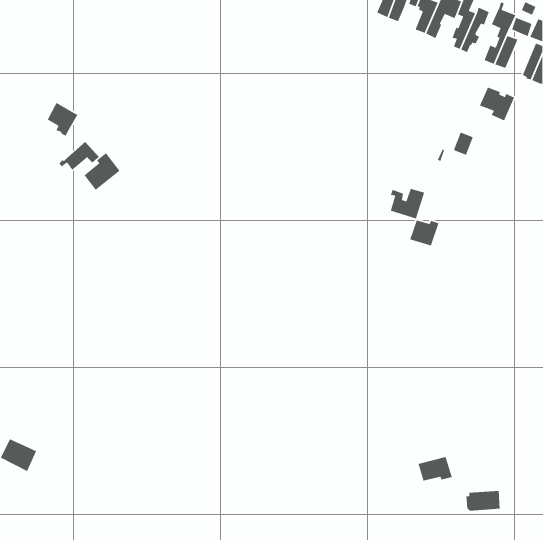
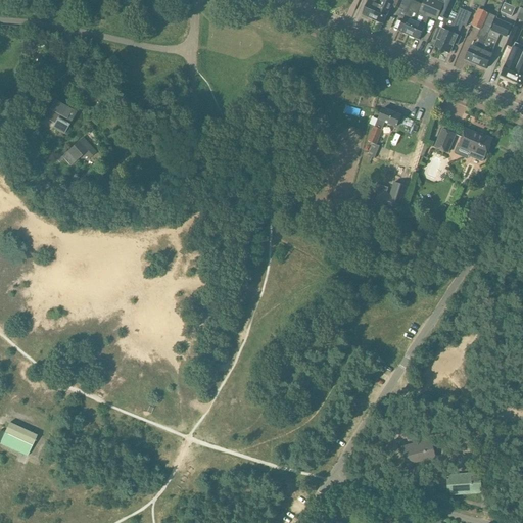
building: [479,87,515,122] -> [458,127,492,160]
building: none -> [368,105,401,151]
building: [84,152,120,191] -> none
building: [409,219,440,247] -> none

